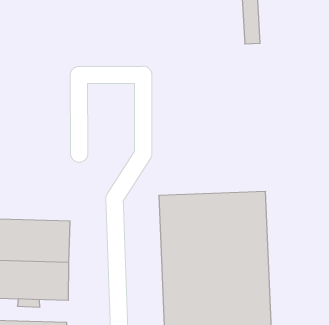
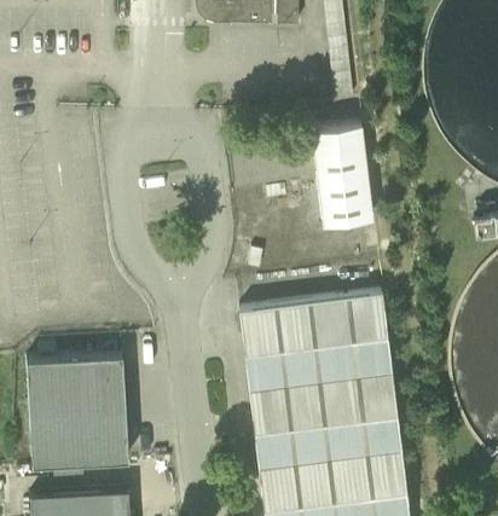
building: none -> [311,124,373,225]

